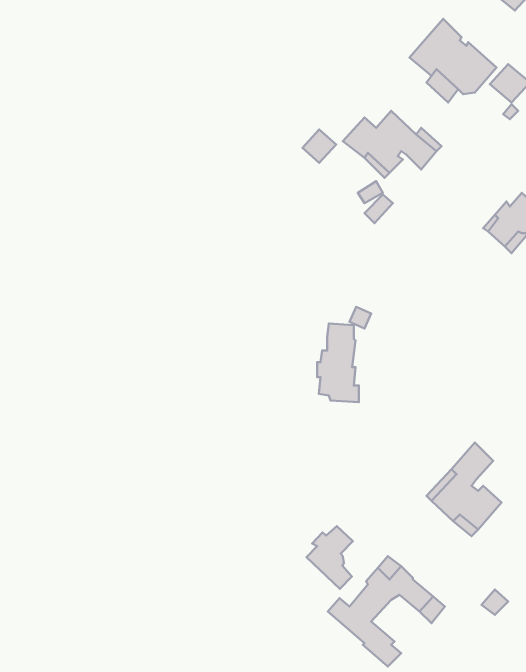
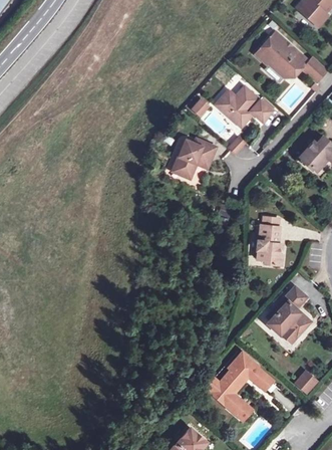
building: none -> [175,140,217,179]
building: [317,324,359,402] -> [257,217,282,264]
building: [306,526,353,589] -> none

